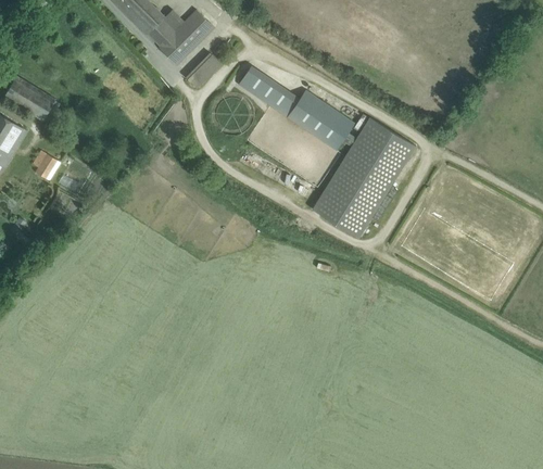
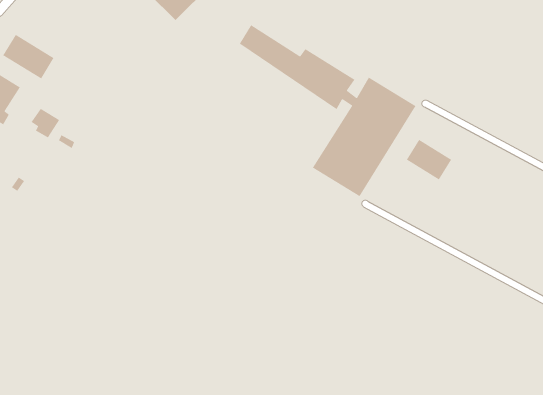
building: [184,51,219,87] -> none
building: none -> [406,139,452,180]

